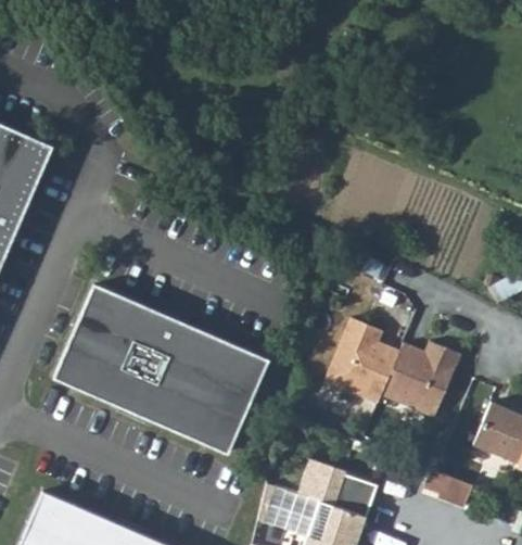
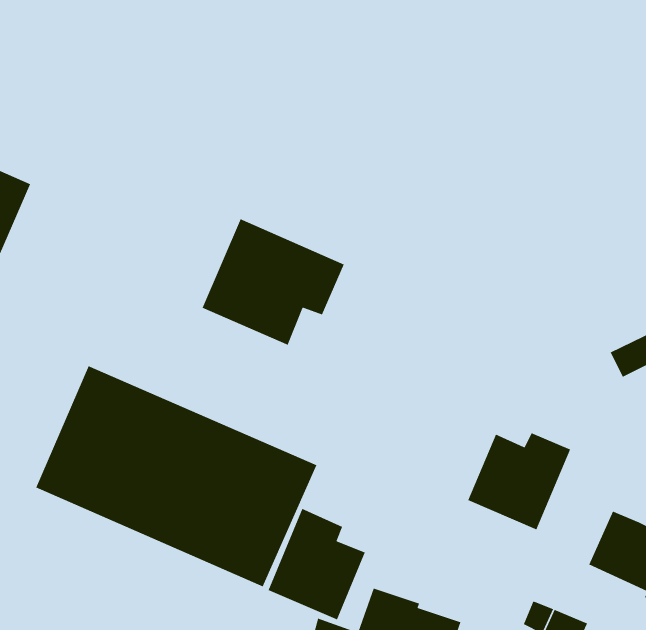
building: none -> [202,218,345,346]
building: [326,314,400,400] -> [268,508,366,621]

